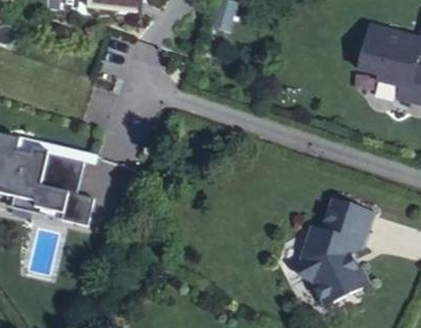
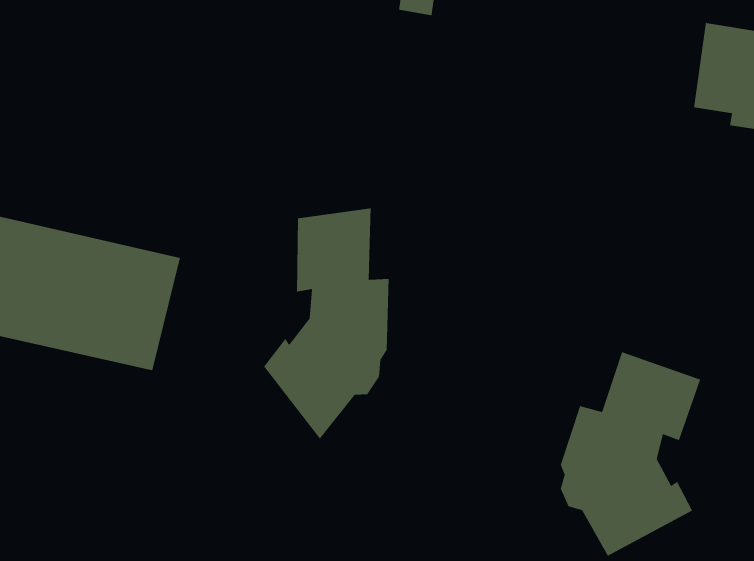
building: none -> [263,207,389,440]

